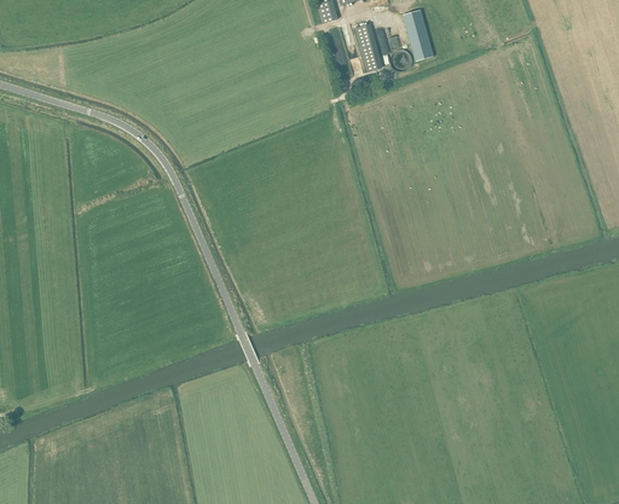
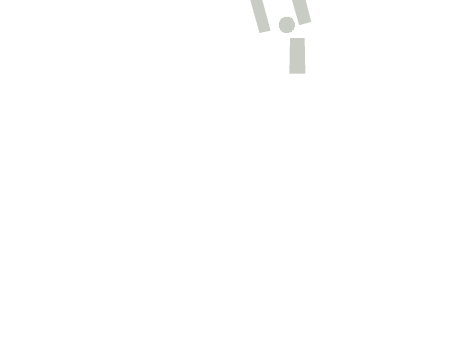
building: none -> [289,37,306,75]

